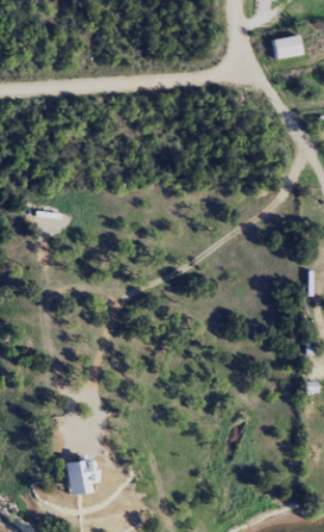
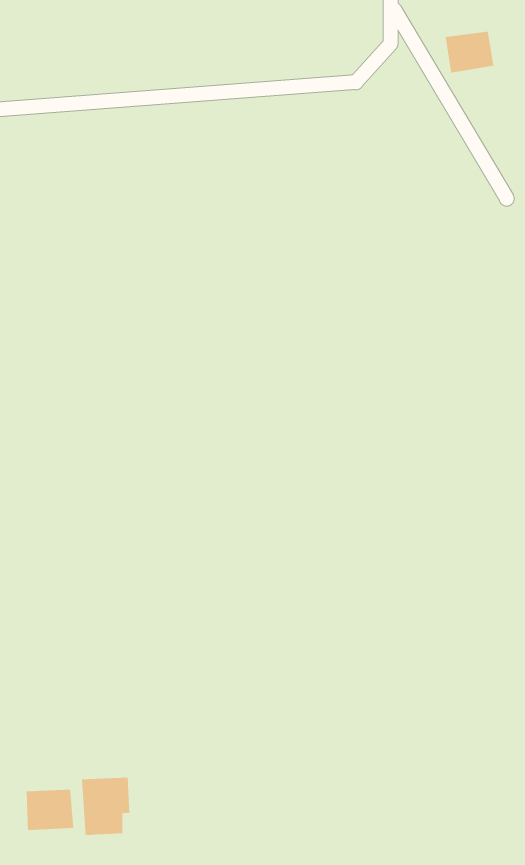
building: none -> [26,789,74,831]

